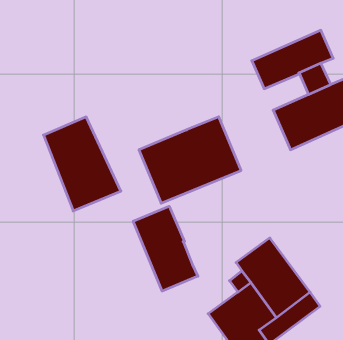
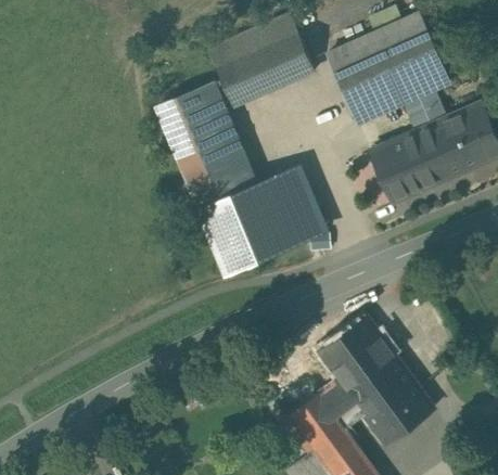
building: none -> [328,14,434,86]
building: none -> [209,15,316,106]
building: [43,117,121,211] -> [155,79,257,203]
building: [133,206,198,291] -> none

